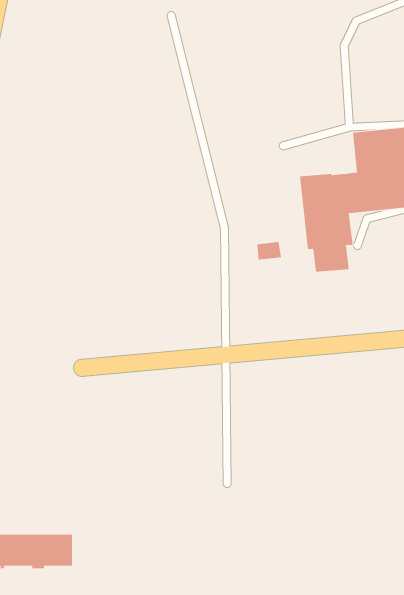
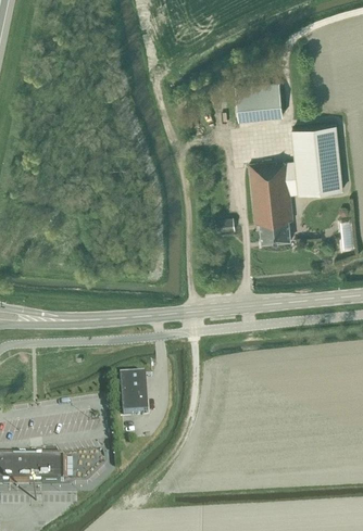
building: none -> [234,81,281,119]
building: none -> [120,375,148,415]

